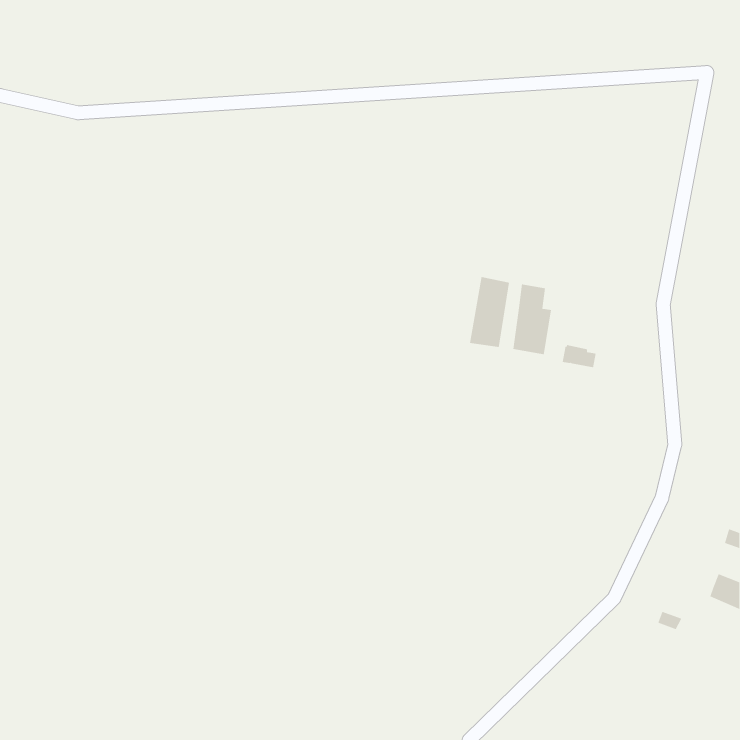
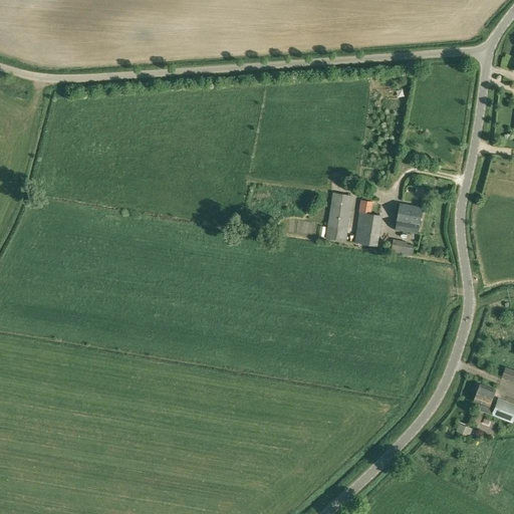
building: none -> [396,204,423,233]
building: none -> [474,383,496,415]

